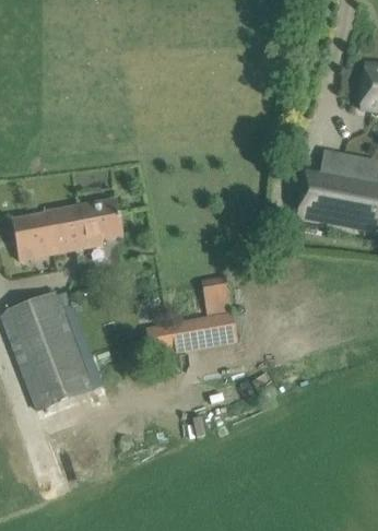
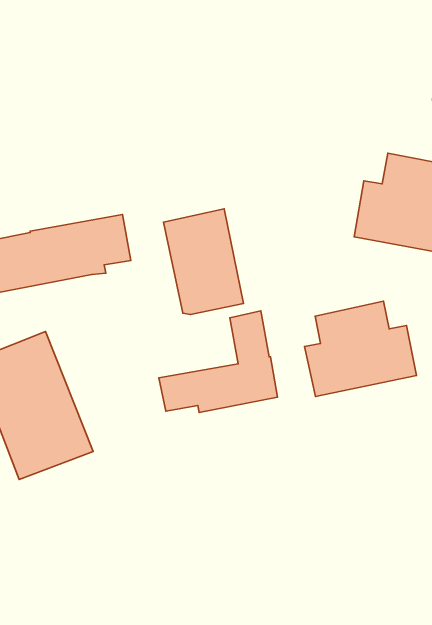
building: none -> [164,209,243,315]
building: none -> [305,301,416,397]

